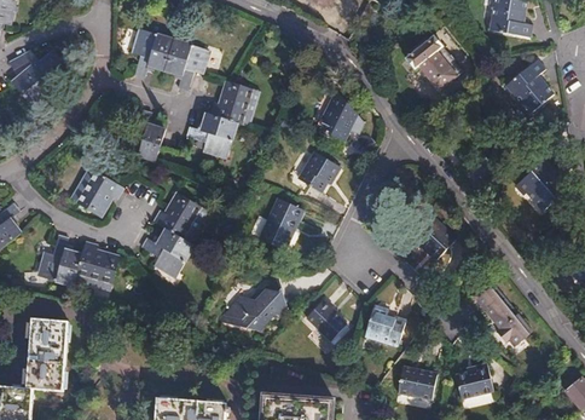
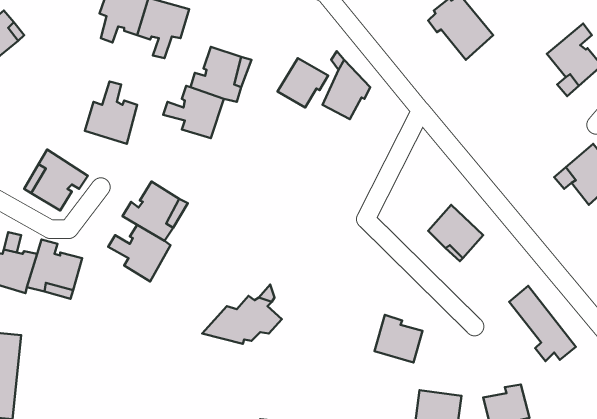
building: [297,153,340,194] -> [278,58,328,107]
building: [254,197,296,249] -> none
building: [306,298,344,340] -> none

